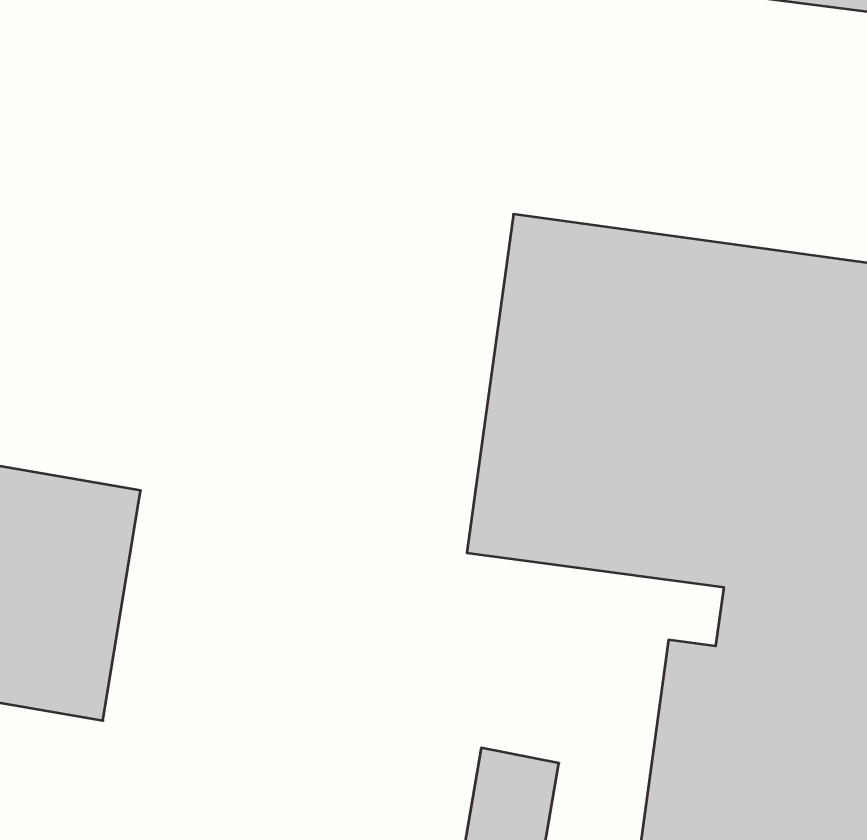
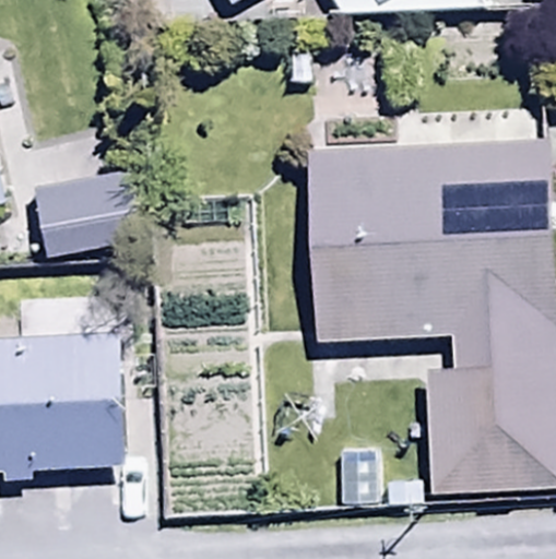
building: none -> [31,173,140,259]

